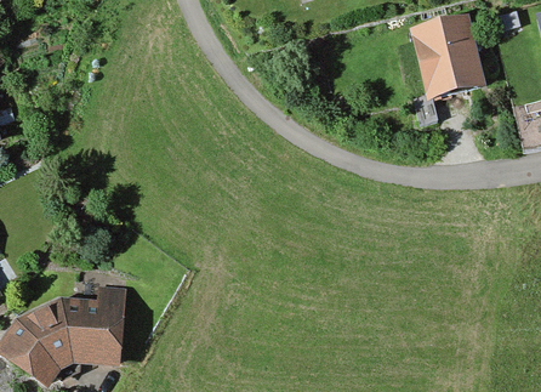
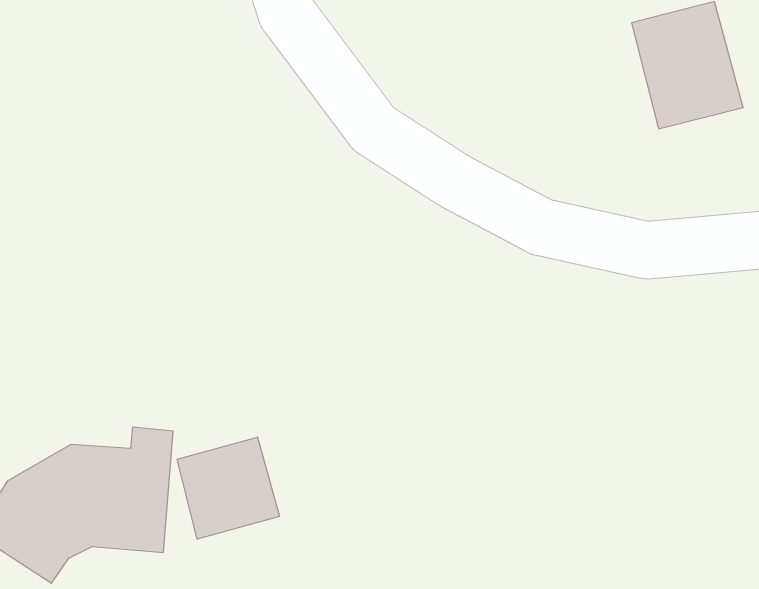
building: none -> [177,437,280,539]

